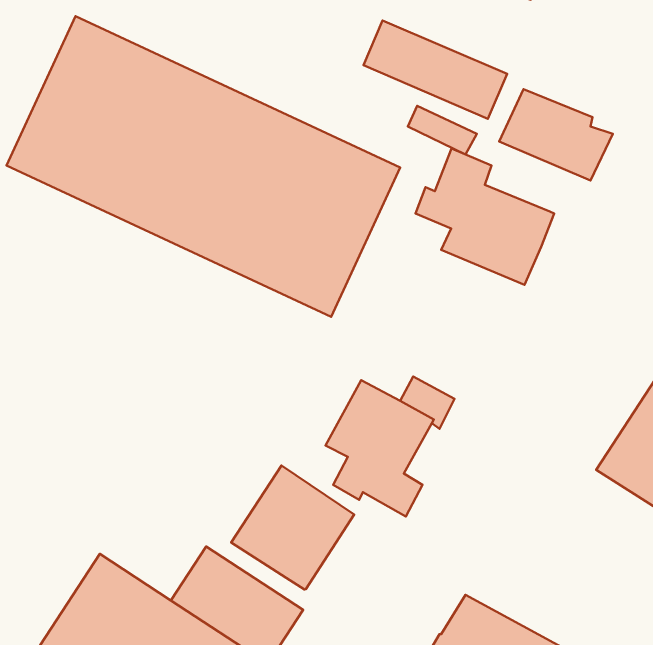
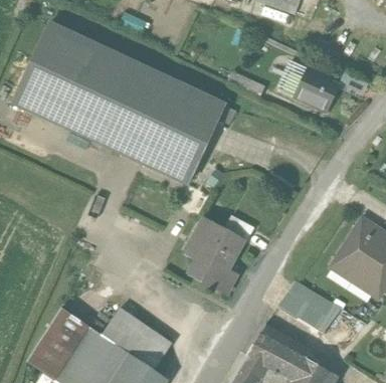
building: [364,21,507,119] -> none
building: [416,148,554,285] -> none
building: [231,465,354,590] -> none
building: none -> [277,280,342,335]

